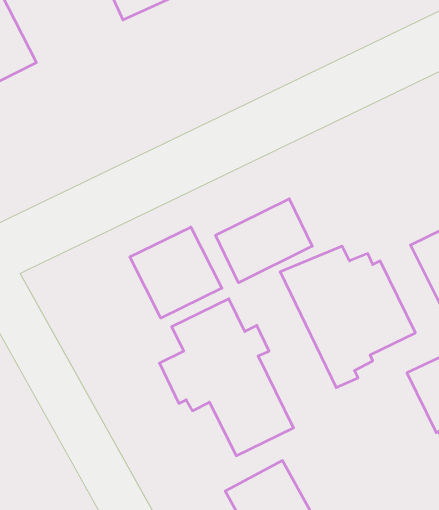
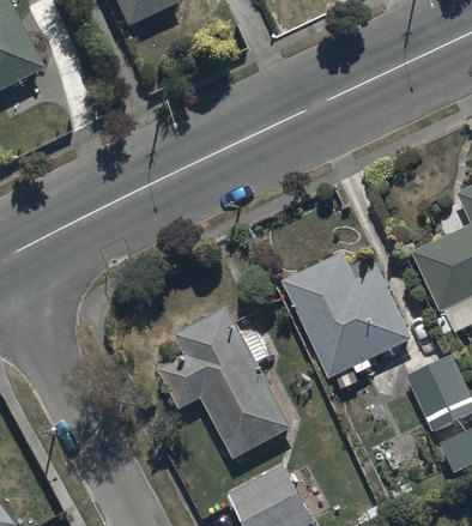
building: [216,199,312,283] -> none
building: [130,227,222,318] -> none

